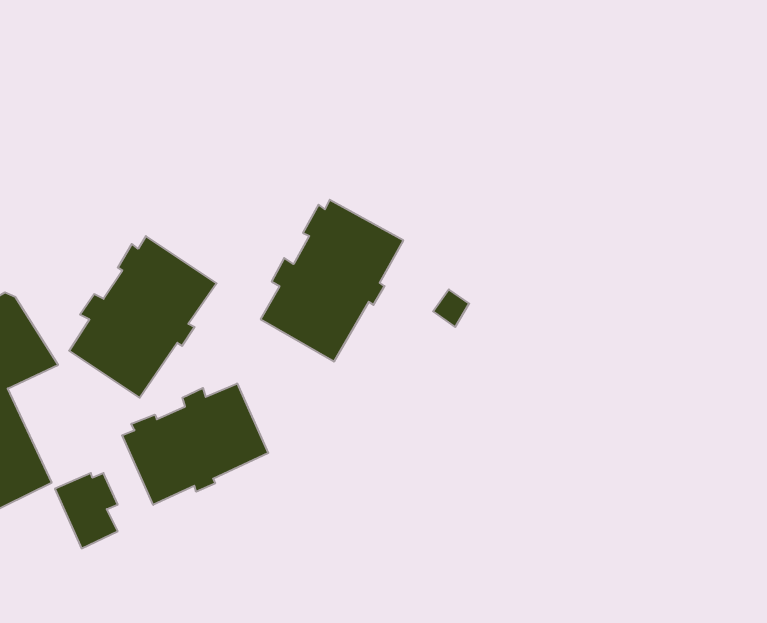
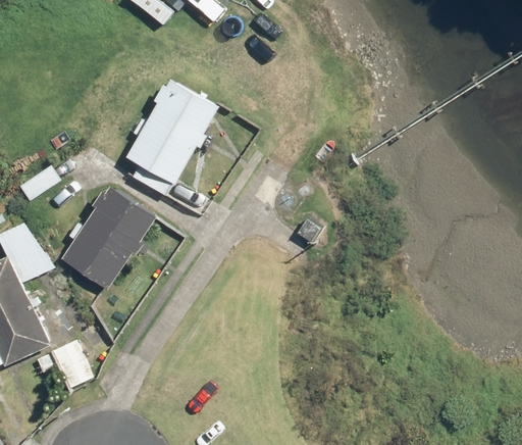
building: [261,200,403,361] -> [125,80,218,185]
building: [122,383,268,505] -> none

